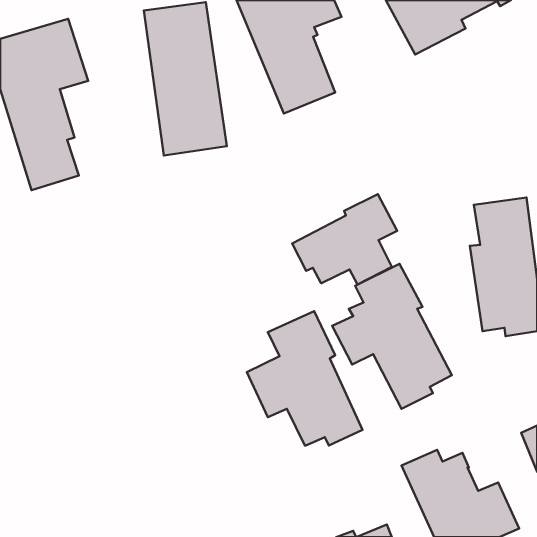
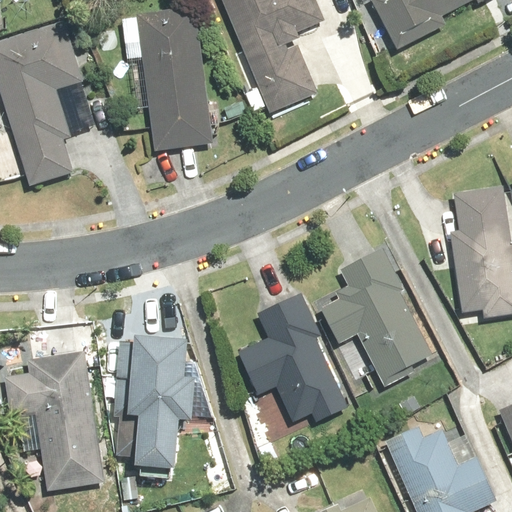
building: [292,194,397,284] -> none
building: none -> [118,333,187,464]
building: none -> [5,347,105,486]

